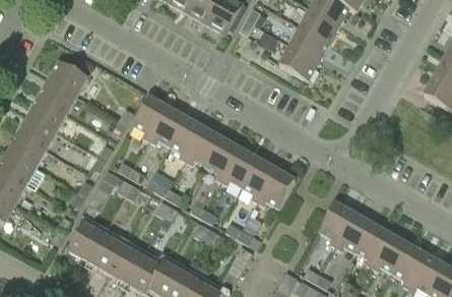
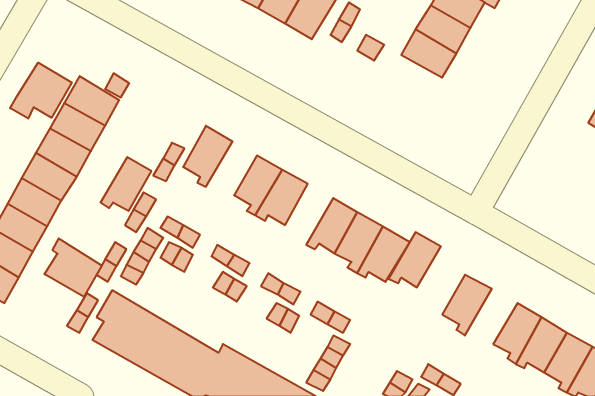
building: [279,45,319,80] -> none
building: none -> [10,63,72,119]
building: [149,107,186,145] -> [100,157,151,211]
building: [206,137,241,181] -> none
building: none -> [44,238,102,297]
building: [335,213,373,252] -> [388,232,441,287]

